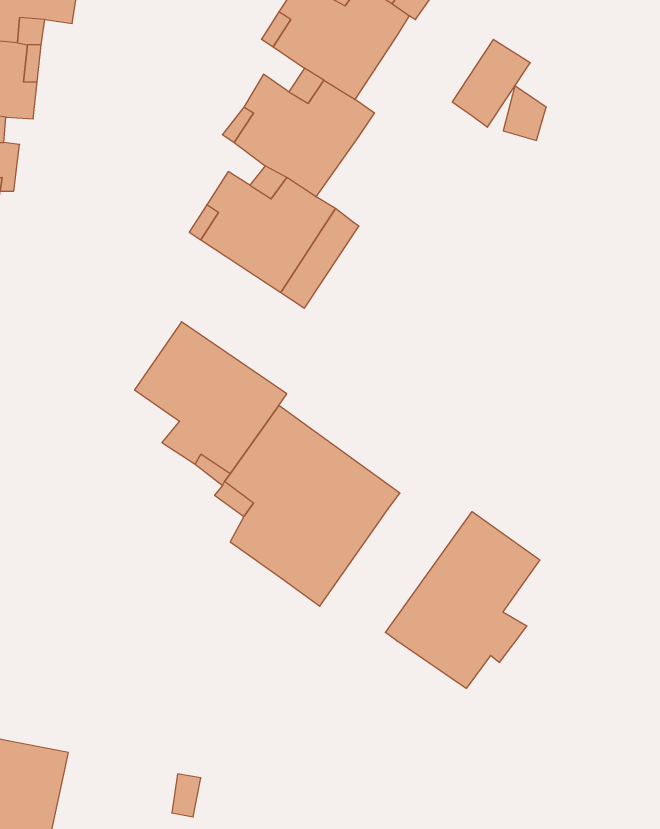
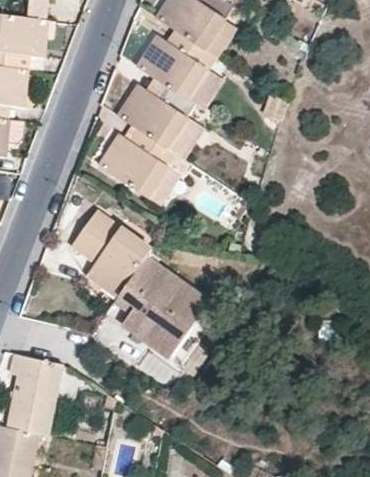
building: [452,39,530,127] -> [184,65,224,110]
building: none -> [164,116,205,160]
building: [385,512,540,688] -> none
building: none -> [6,353,60,433]

